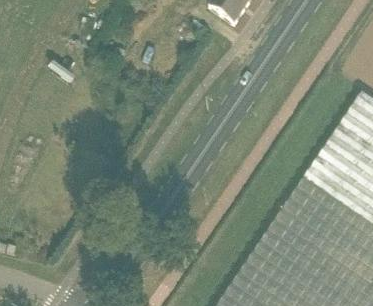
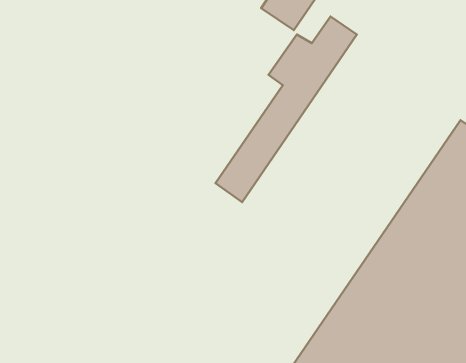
building: none -> [216,17,357,202]

